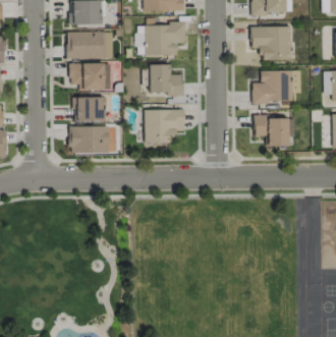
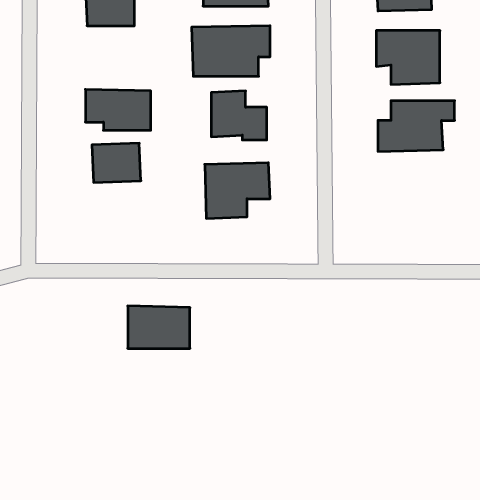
building: [66,32,114,58] -> none
building: [255,117,289,146] -> none
building: [70,126,109,153] -> [128,306,190,348]

